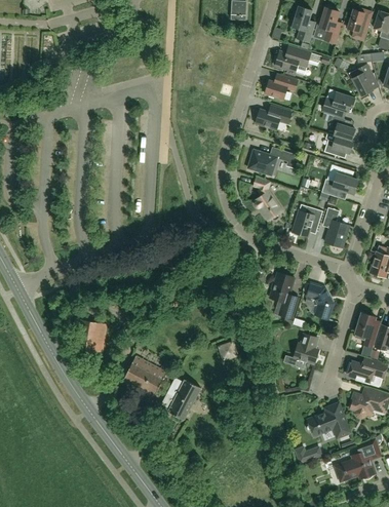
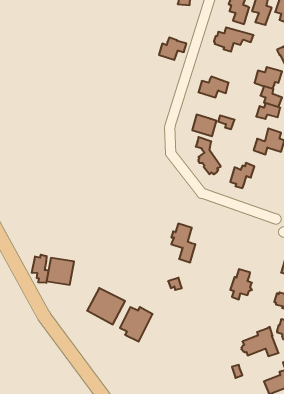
building: [264,73,297,100] -> [159,37,186,60]
building: [324,207,349,248] -> none
building: [269,273,298,319] -> [171,224,195,262]
building: [306,283,333,319] -> none
building: none -> [32,255,49,283]

